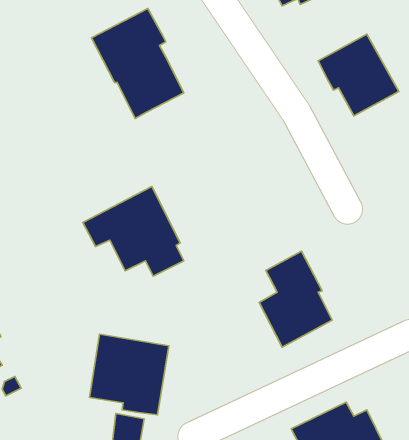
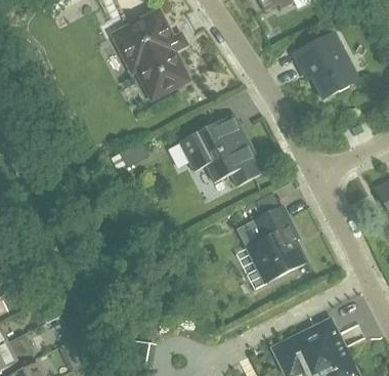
building: [83,187,184,276] -> [179,114,260,185]
building: [89,334,169,415] -> none

